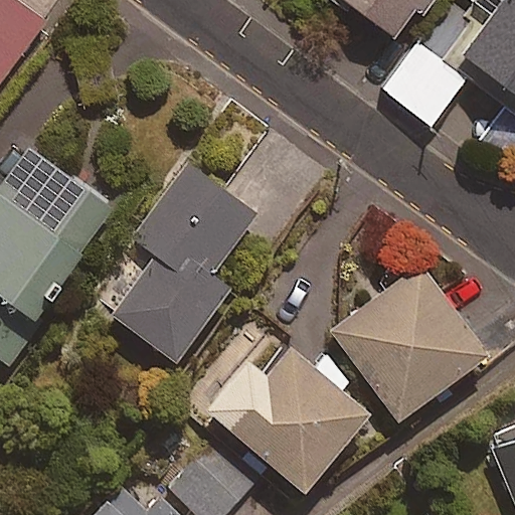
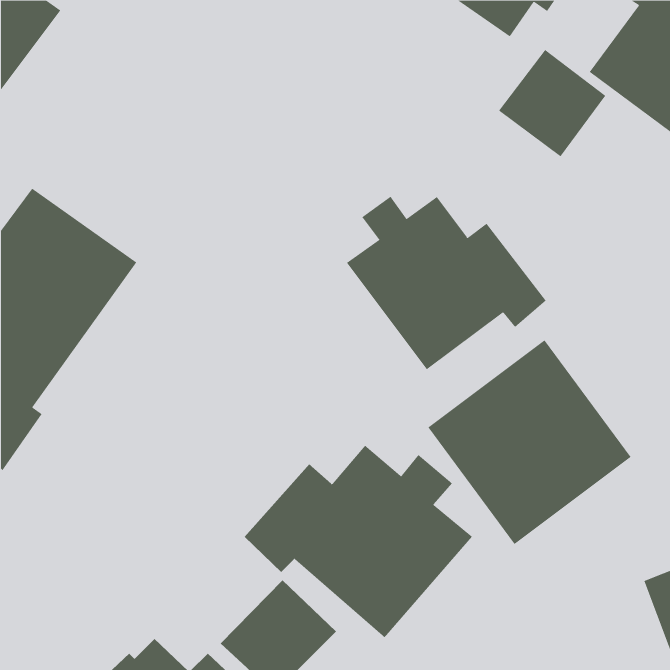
building: none -> [346,196,546,370]
building: [112,162,256,363] -> none

